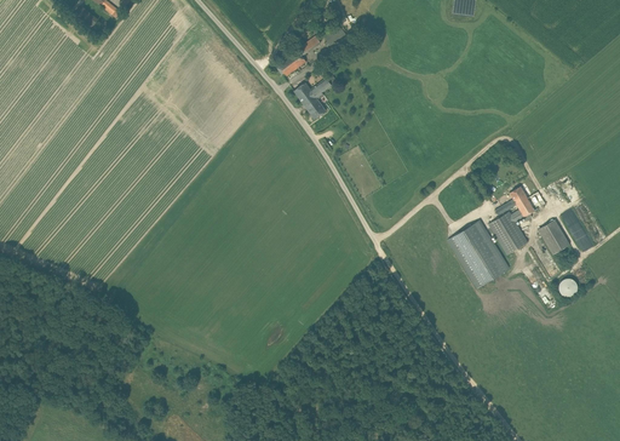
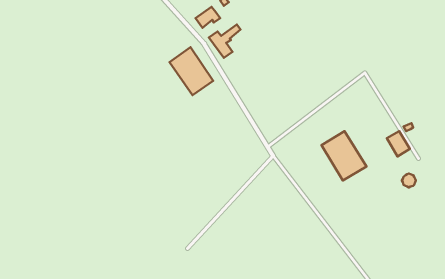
building: none -> [170,47,213,95]
building: [488,185,545,254] -> none

